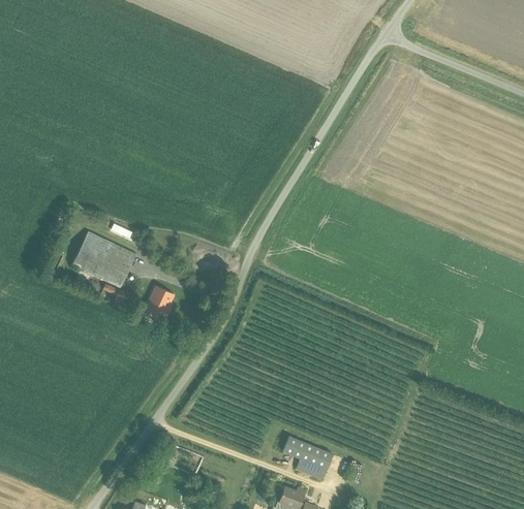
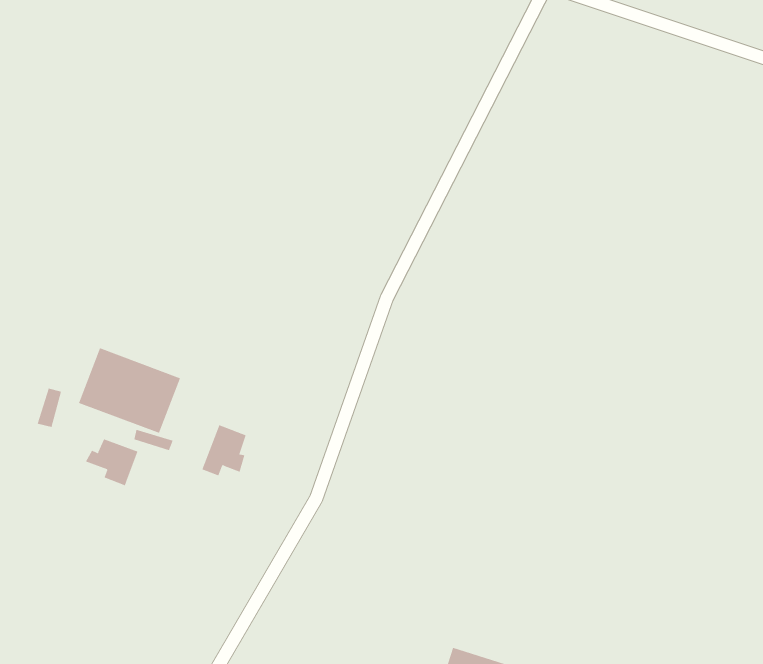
building: none -> [85,438,138,486]

